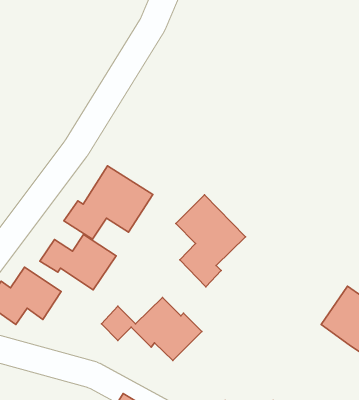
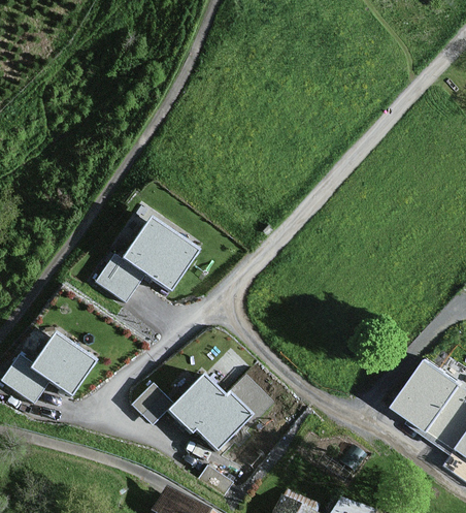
building: [176,195,246,287] -> none
building: [40,235,116,290] -> none

